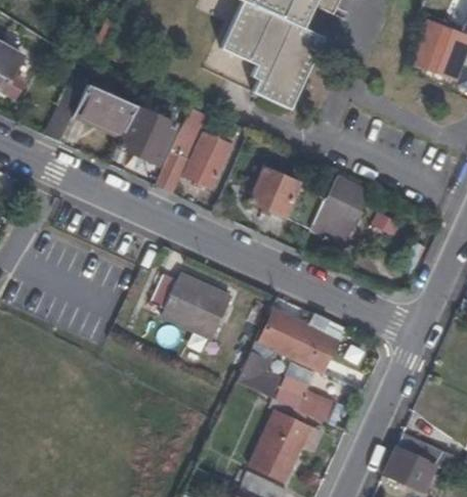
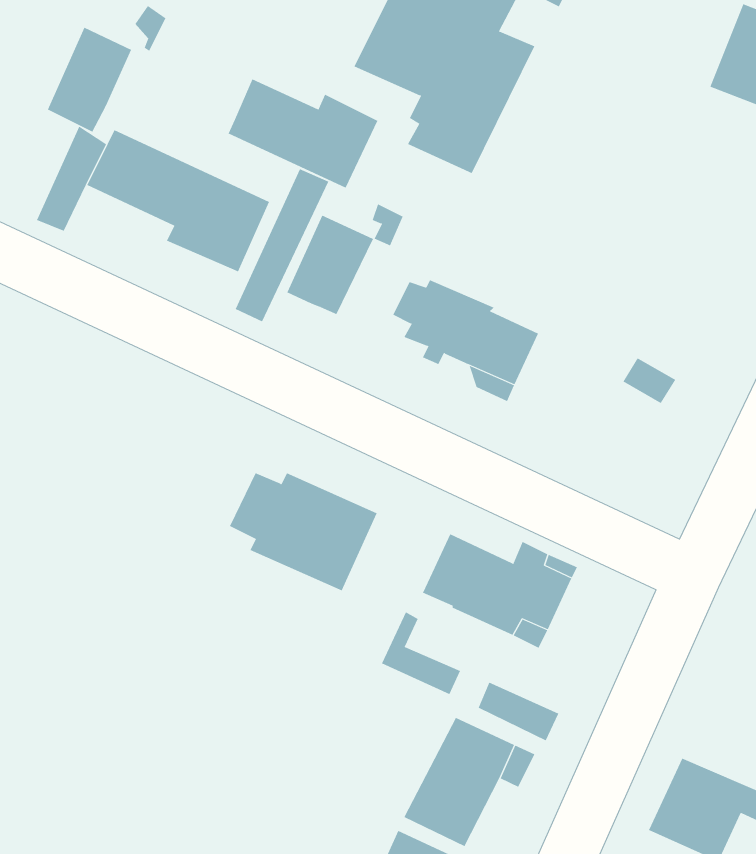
building: none -> [47,27,132,133]
building: none -> [228,78,378,188]
building: [321,178,368,236] -> none

